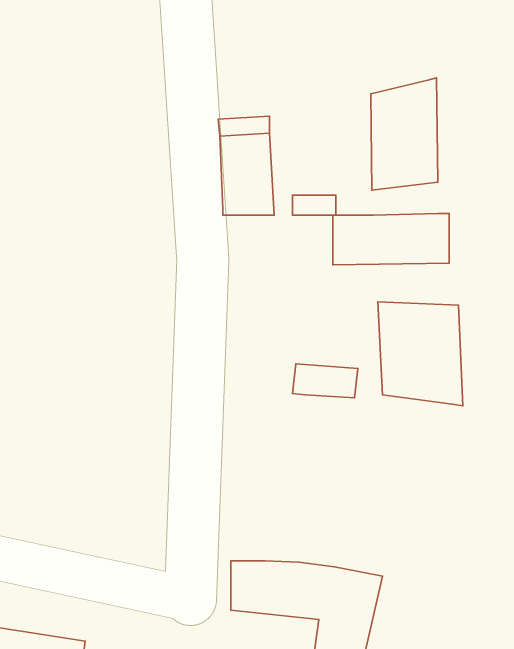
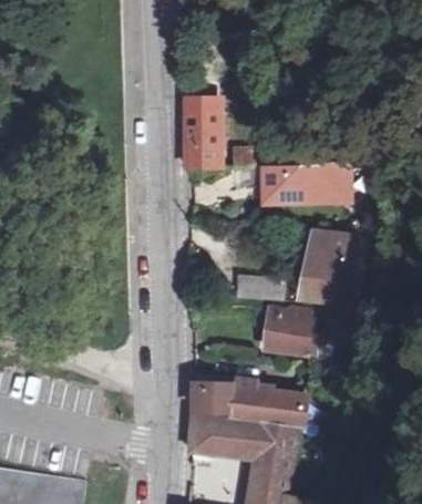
building: [371,78,438,190] -> none
building: none -> [264,317,332,358]
building: none -> [189,388,313,431]

